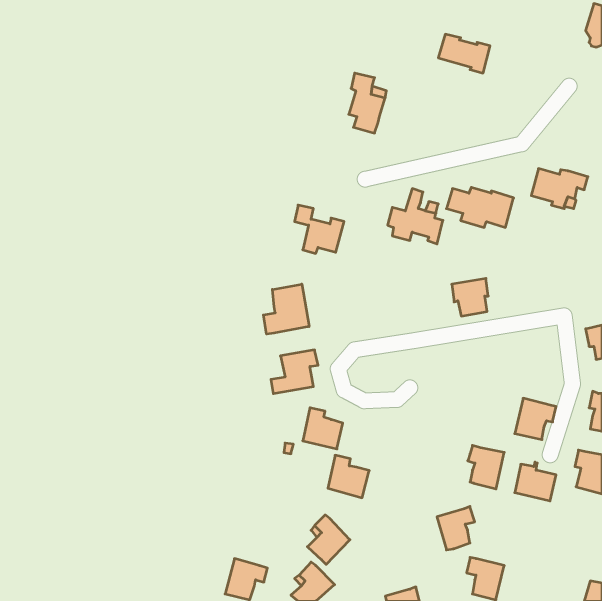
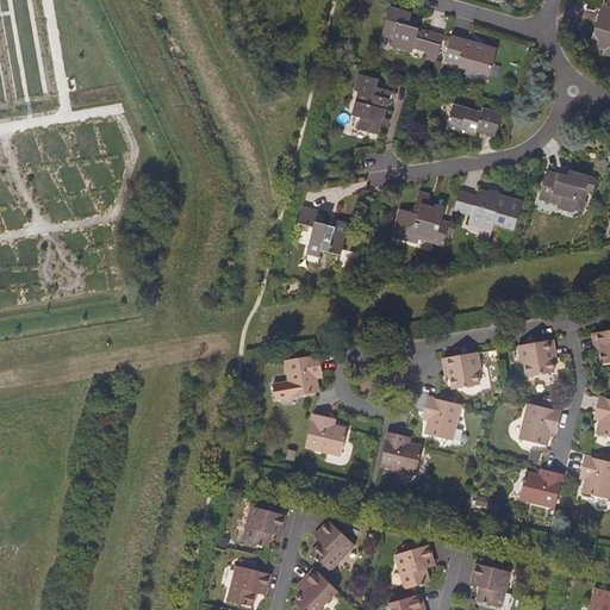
building: none -> [381,5,442,61]
building: none -> [443,102,502,135]
building: [452,278,488,316] -> [443,351,480,390]
building: [263,284,309,334] -> none
building: none -> [517,338,556,376]
building: [468,445,504,489] -> [424,396,461,440]
building: [328,455,369,498] -> [381,430,423,473]
building: none -> [243,506,285,547]
building: [437,506,475,550] -> [396,544,434,589]

